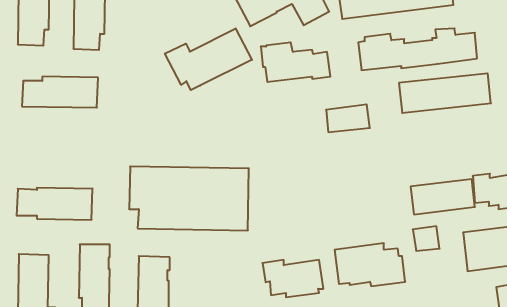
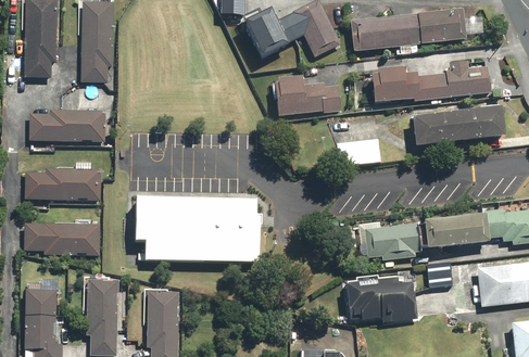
building: [165,28,252,90] -> none
building: none -> [24,168,101,200]
building: [262,260,323,297] -> [357,221,419,259]

